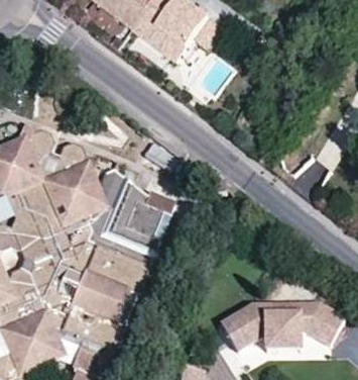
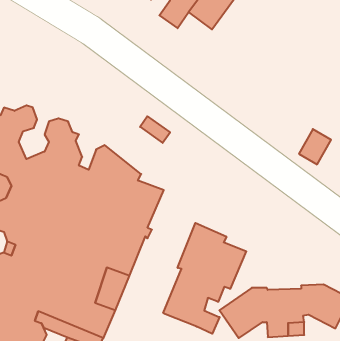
building: none -> [163,223,246,334]

